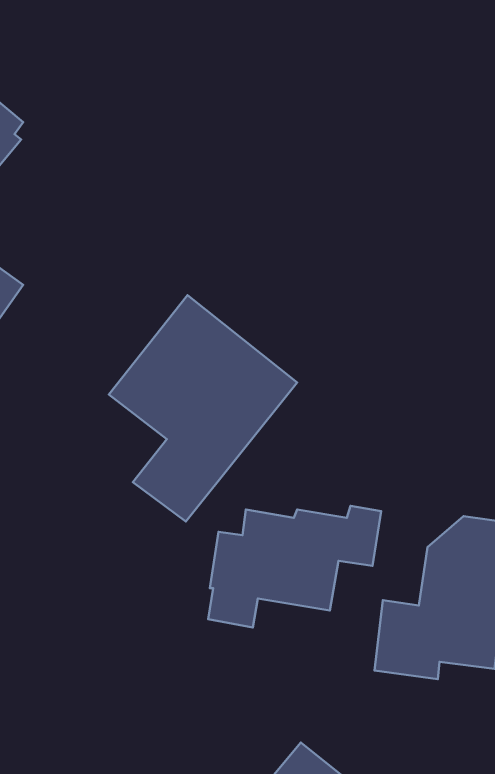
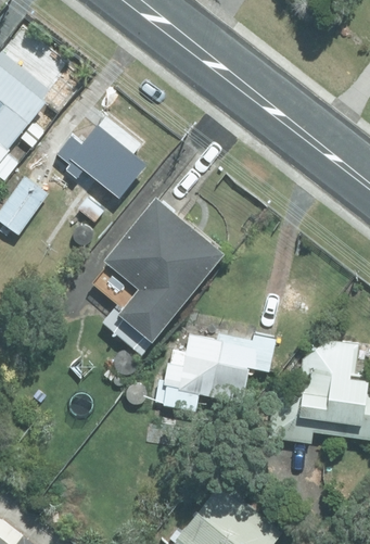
building: none -> [55,114,144,223]

